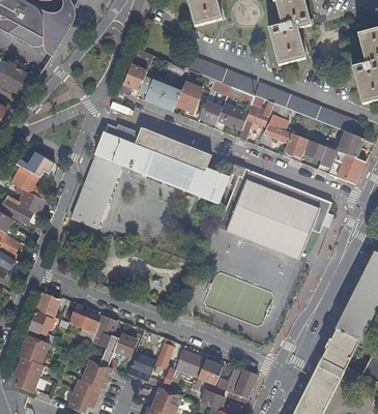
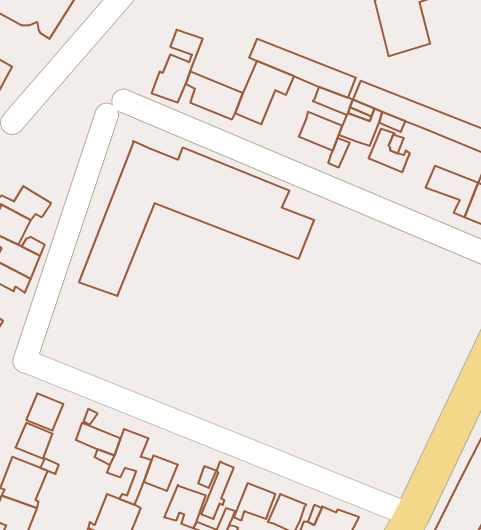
building: [199,80,231,125] -> none
building: [284,134,309,162] -> none
building: [217,164,331,259] -> none

